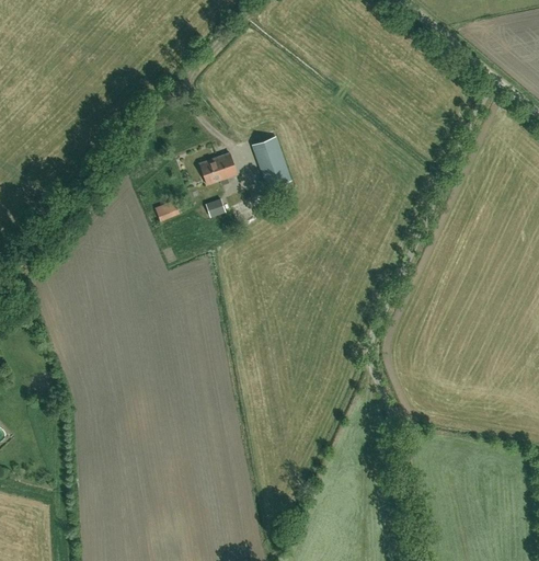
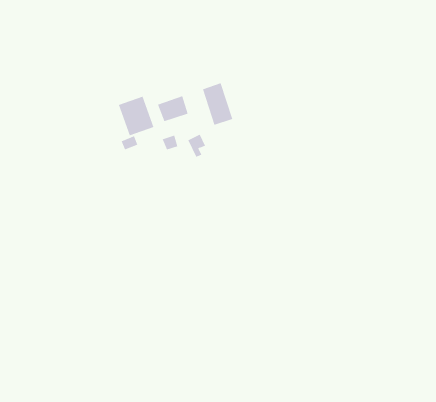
building: none -> [118,96,154,136]

